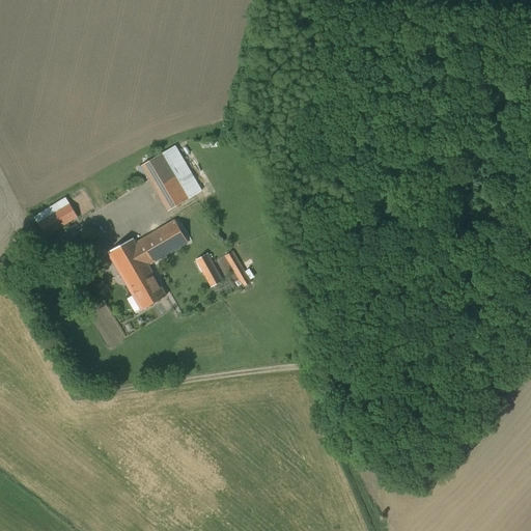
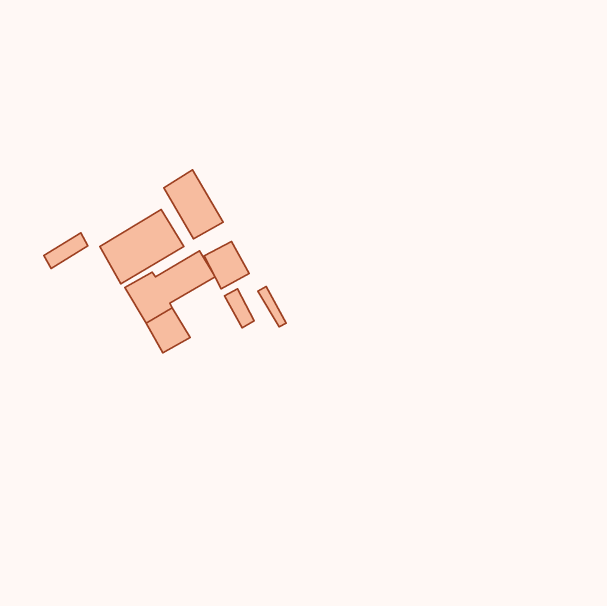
building: none -> [100,210,184,284]
building: none -> [204,242,249,289]

